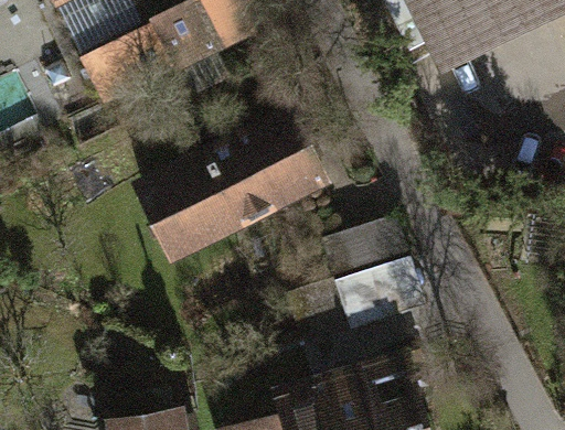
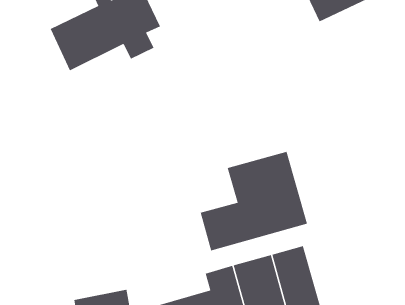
building: [137,101,339,260] -> none

